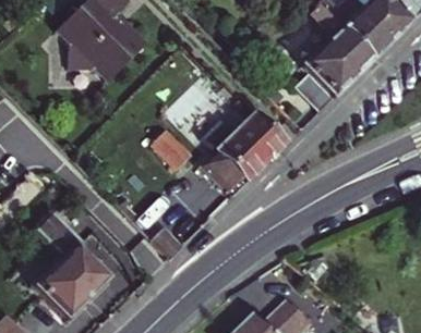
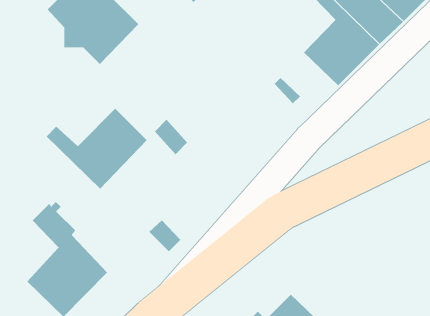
building: [199,110,287,197] -> none
building: none -> [46,108,148,190]

